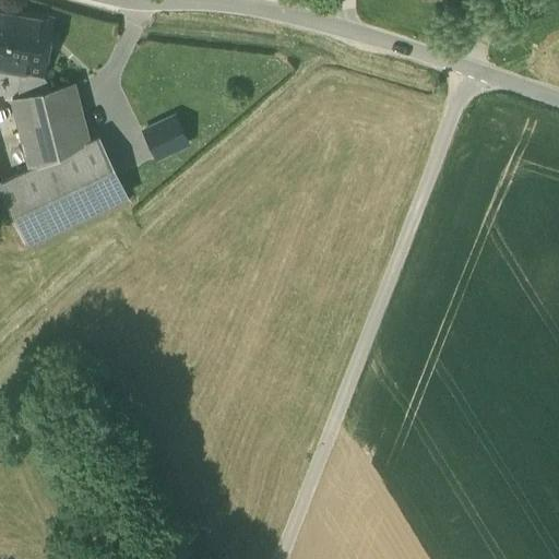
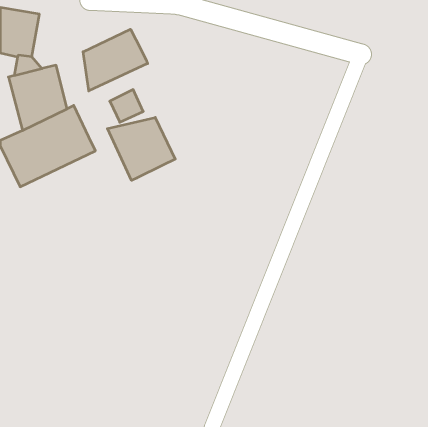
building: none -> [83,29,148,91]
building: none -> [107,117,175,180]

